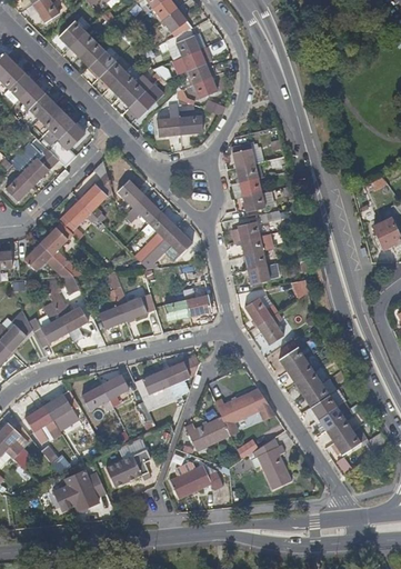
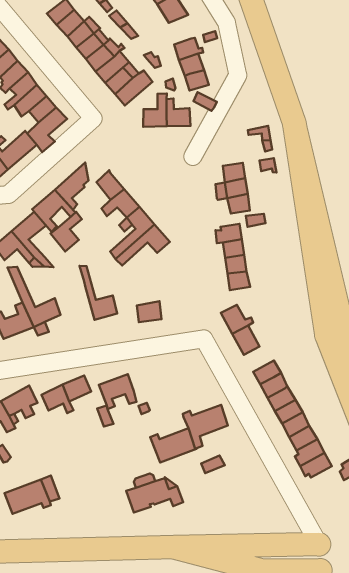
building: [167,26,204,54] -> none
building: [231,140,257,166] -> none
building: none -> [51,212,82,252]
building: [183,287,210,315] -> none
building: [99,289,126,328] -> none
building: [161,355,198,385] -> none
building: [250,443,291,489] -> none
building: [106,448,150,485] -> none

